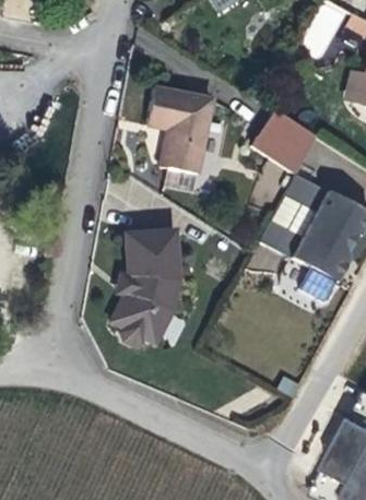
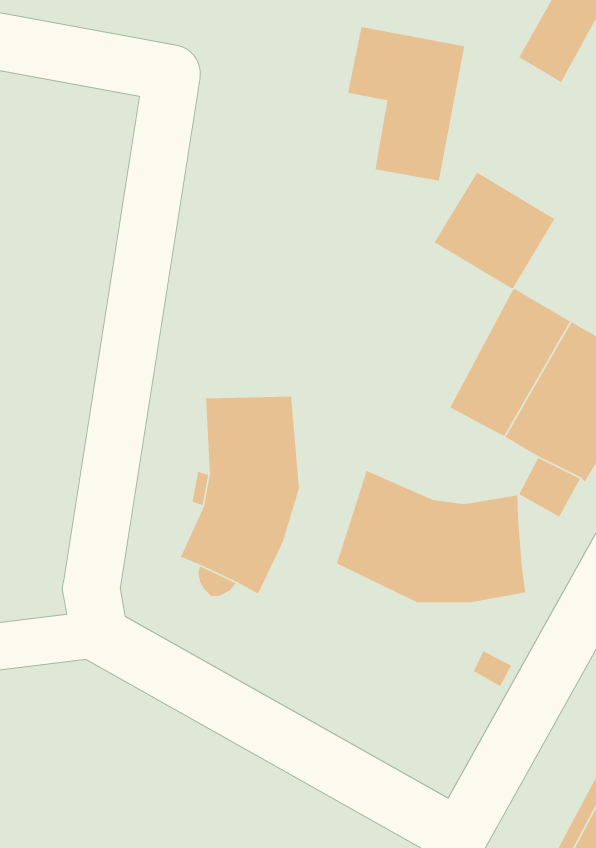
building: [146,86,212,172] -> [347,26,465,182]
building: none -> [336,470,526,603]

